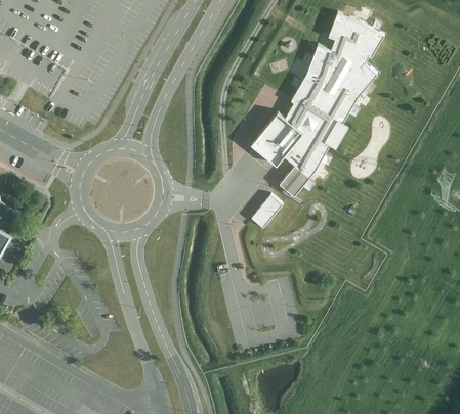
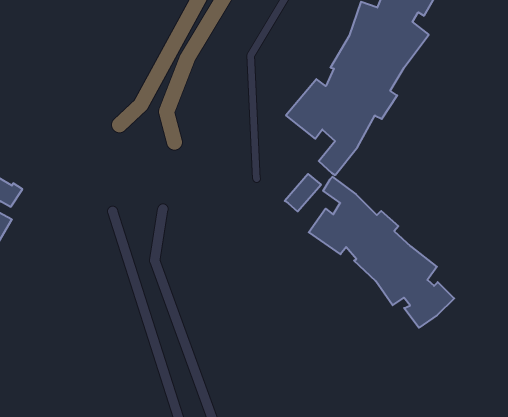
building: none -> [309,177,454,328]

